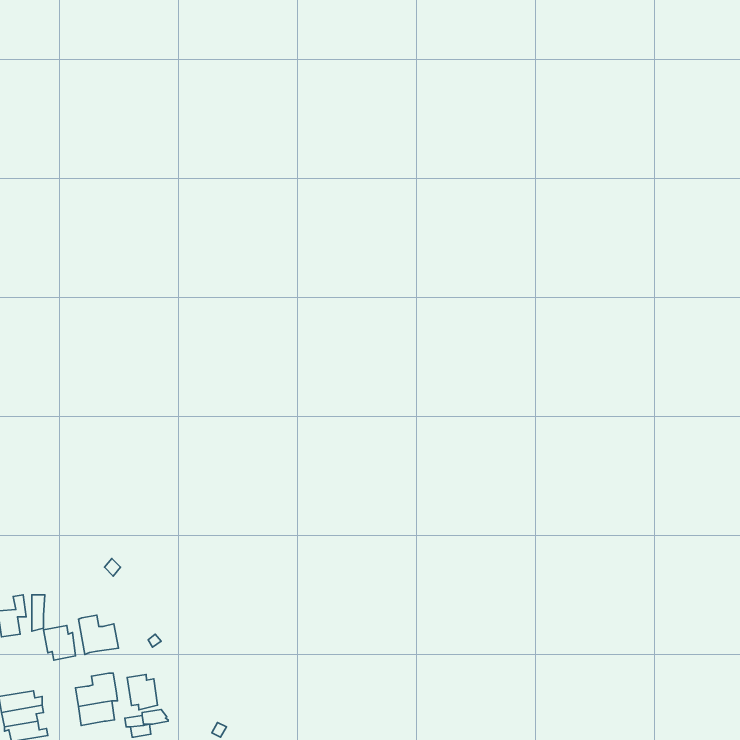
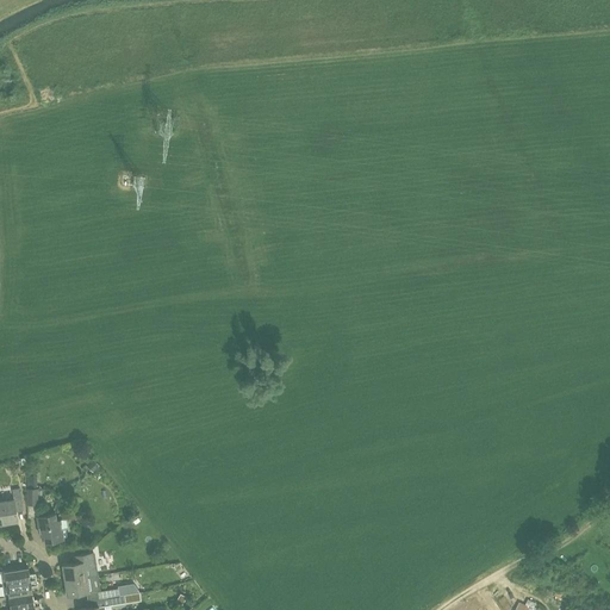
building: [78,615,118,655] -> none
building: [127,675,158,710] -> none

